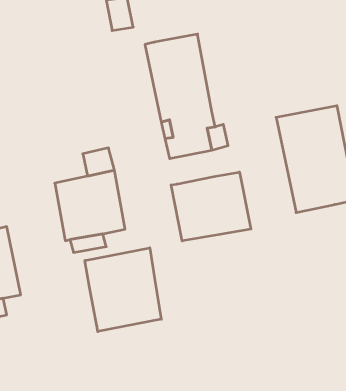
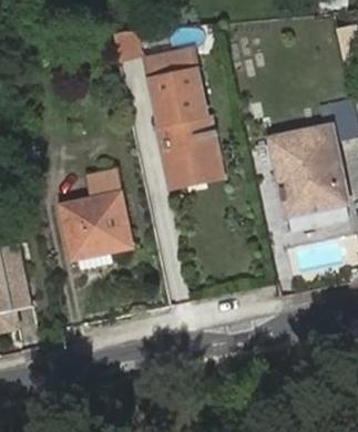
building: [171,172,251,241] -> none
building: [85,248,161,332] -> none

